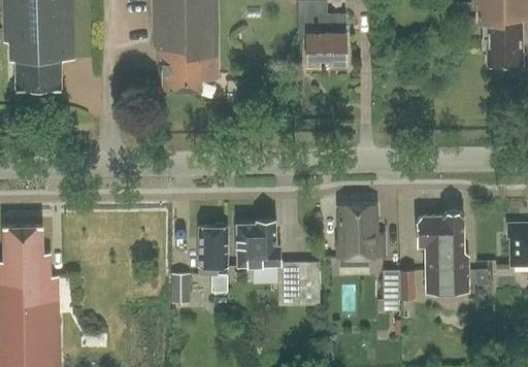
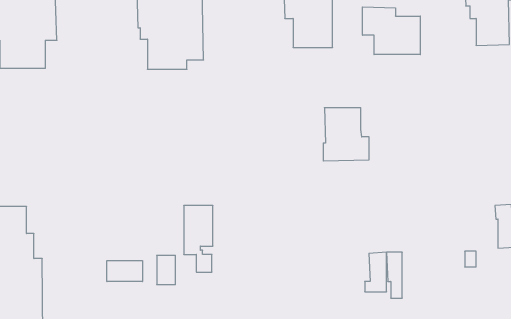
building: none -> [363,7,420,55]
building: [339,205,385,258] -> [323,108,369,161]
building: [417,211,469,291] -> none
building: [237,219,320,303] -> none
building: none -> [107,261,142,282]

